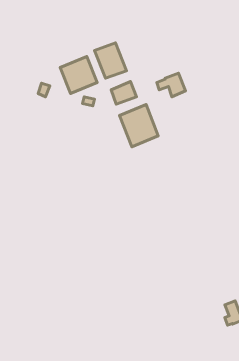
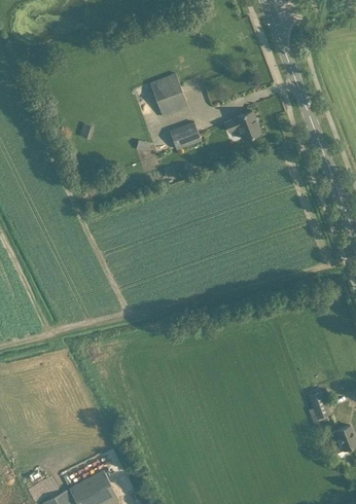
building: [60,56,97,94] -> none
building: [120,104,158,147] -> none

